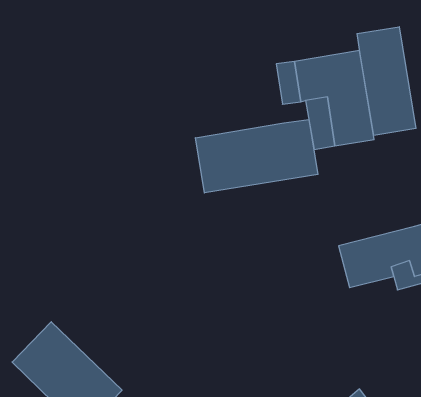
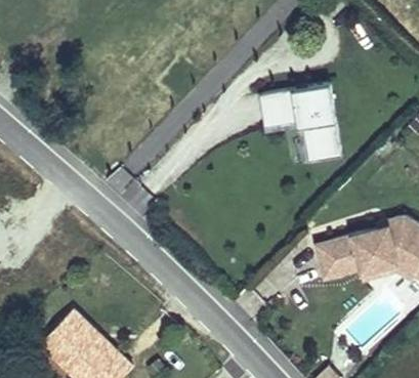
building: [357,27,416,135] -> none
building: [195,119,318,193] -> none

